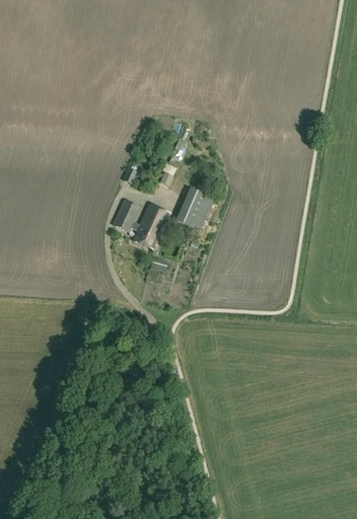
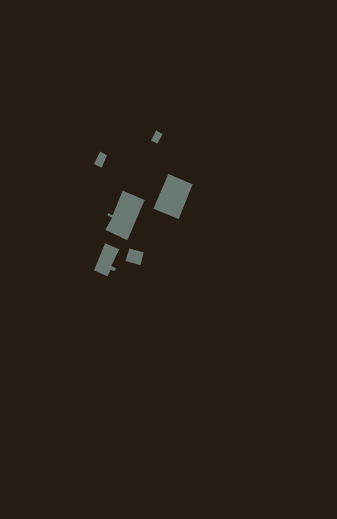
building: [114,200,138,231] -> [93,242,120,277]

